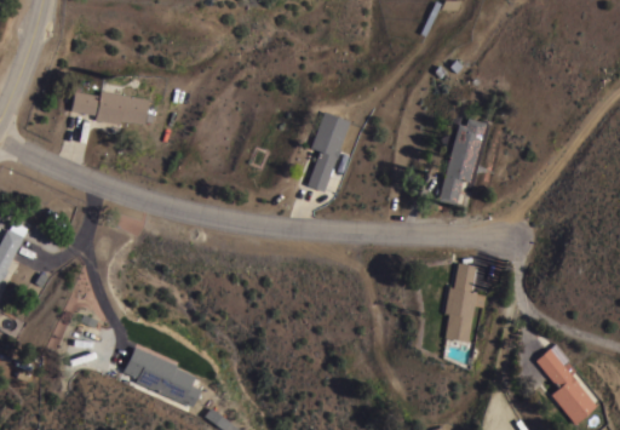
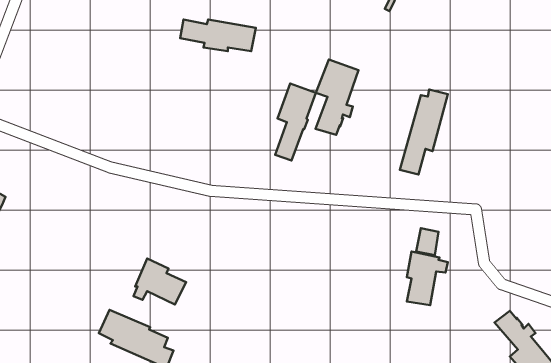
building: none -> [315,59,359,135]
building: [71,91,150,124] -> [180,20,256,51]
building: none -> [134,259,186,305]

